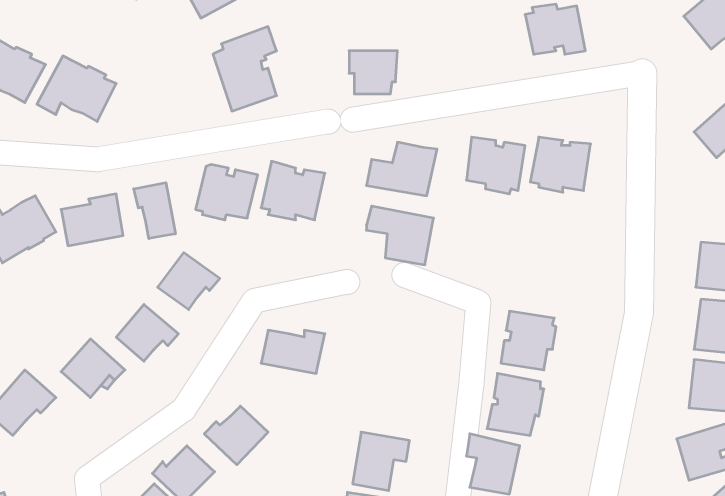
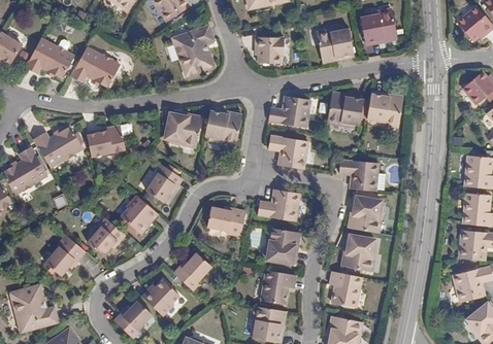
building: none -> [319,31,356,65]
building: [134,183,175,239] -> none
building: none -> [339,161,377,193]
building: none -> [257,190,299,220]
building: none -> [263,228,298,264]

